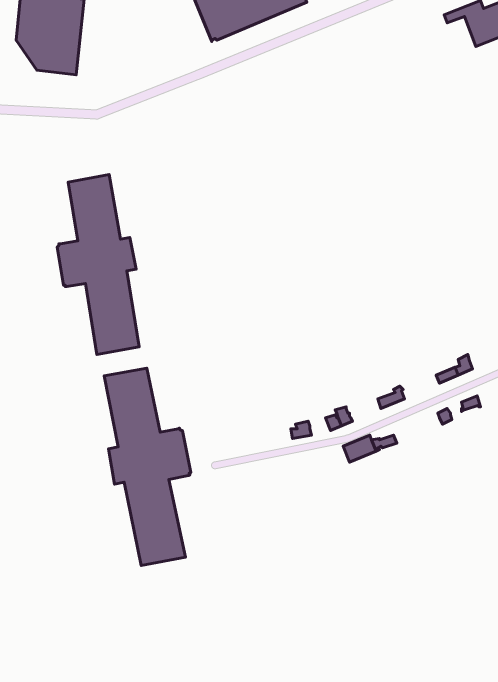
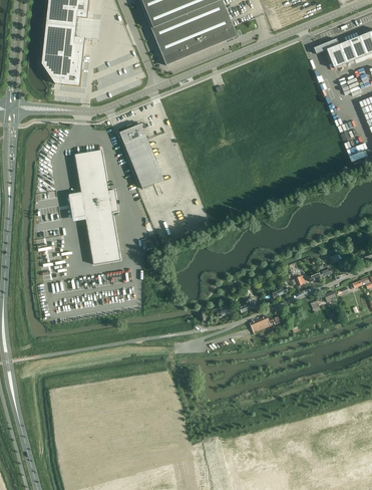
building: none -> [118,122,163,188]
building: [104,368,191,565] -> none

